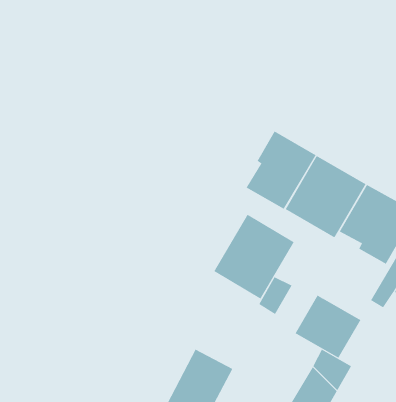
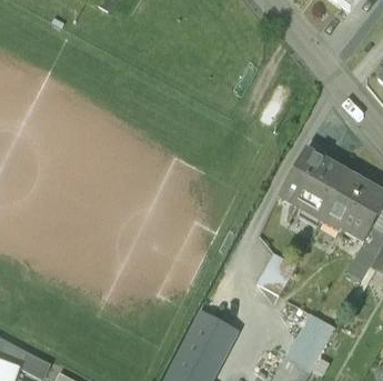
building: [246,131,316,209] -> none
building: [214,214,294,299] -> none
building: [295,295,361,359] -> none

